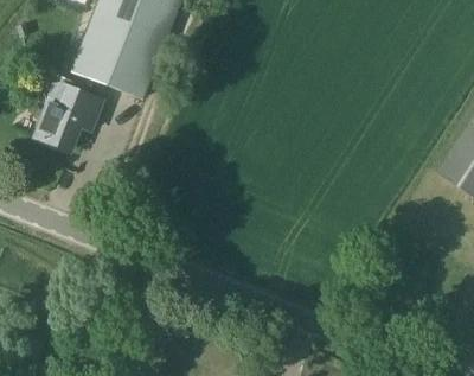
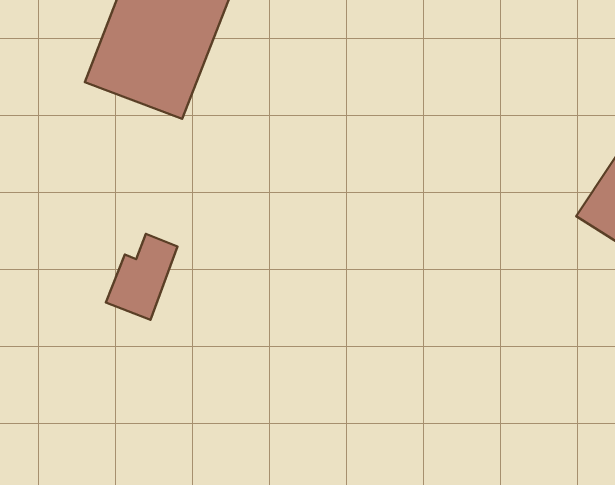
building: [37,84,90,148] -> [106,234,178,320]

